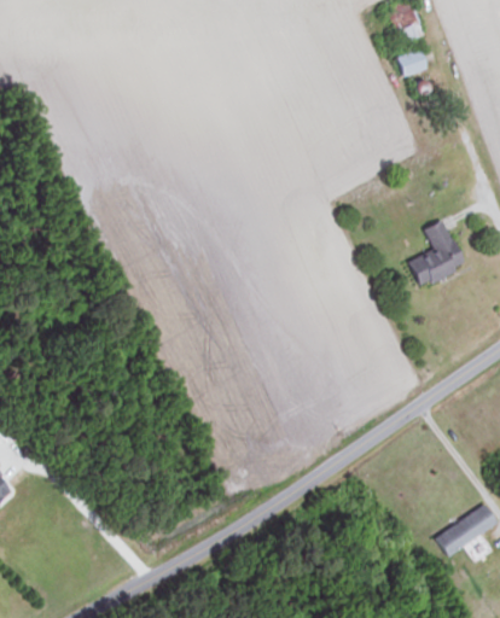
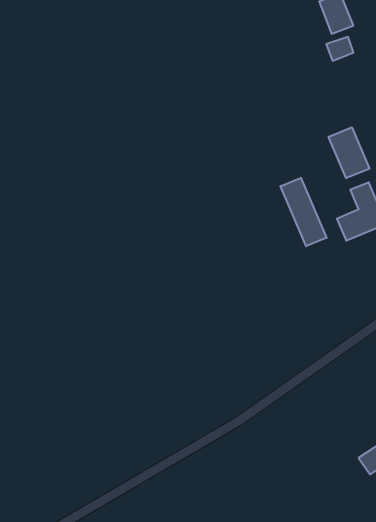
building: none -> [329,127,369,178]
building: none -> [280,178,327,246]

